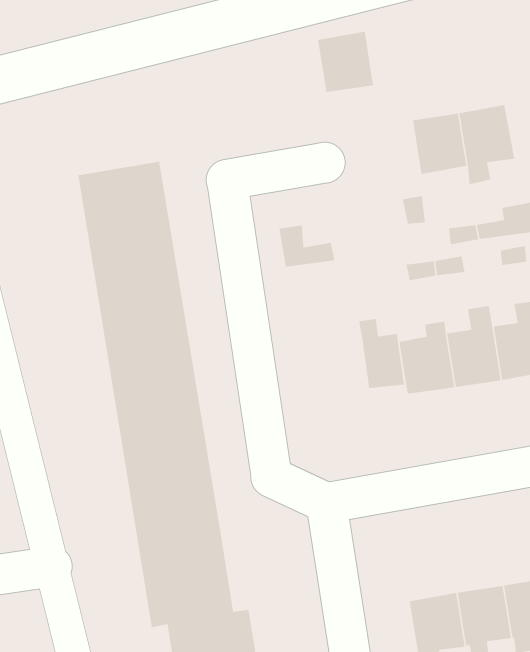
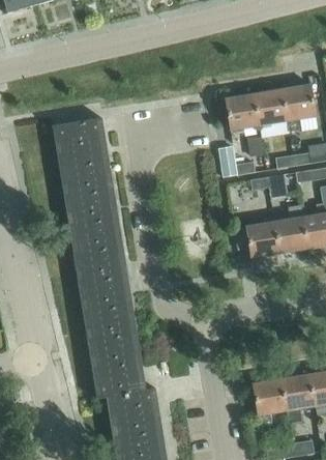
building: [317,31,374,93] -> [225,92,259,130]
building: [278,225,335,268] -> [220,150,255,176]
building: [358,318,405,389] -> none

